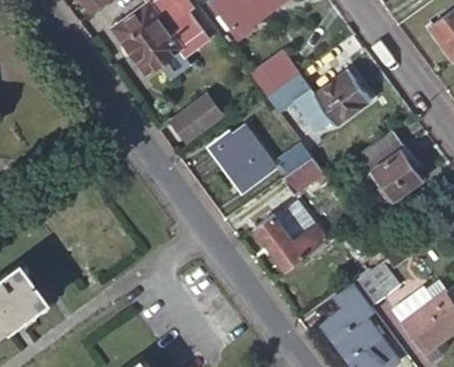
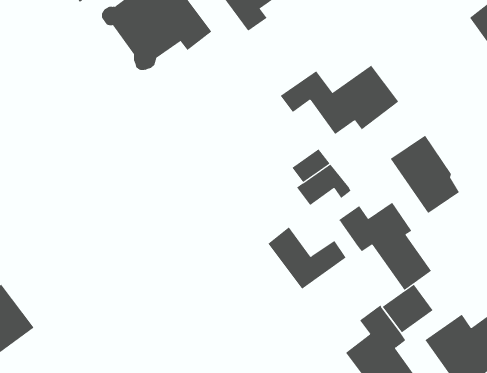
building: [253,56,299,98] -> none
building: [170,98,226,150] -> none
building: [216,131,273,191] -> none
building: none -> [338,202,432,291]
building: [275,199,315,239] -> none

